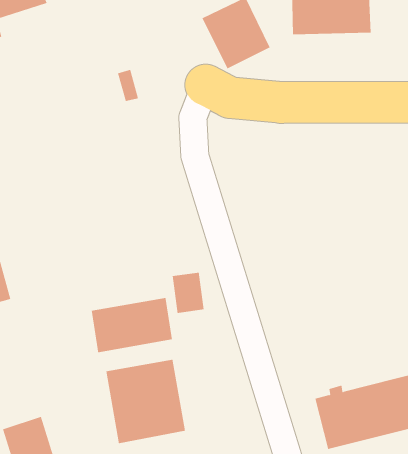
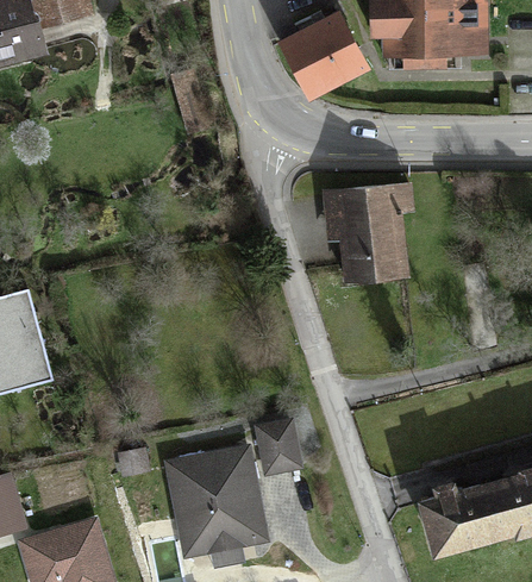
building: none -> [319,184,409,279]
building: [172,272,204,313] -> [258,426,298,476]
building: [91,297,173,353] -> none

